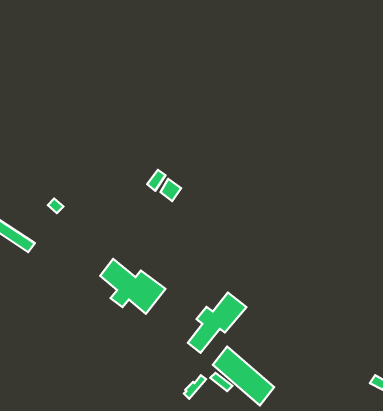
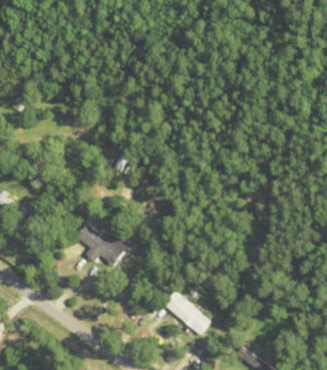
building: [188,293,247,353] -> none

